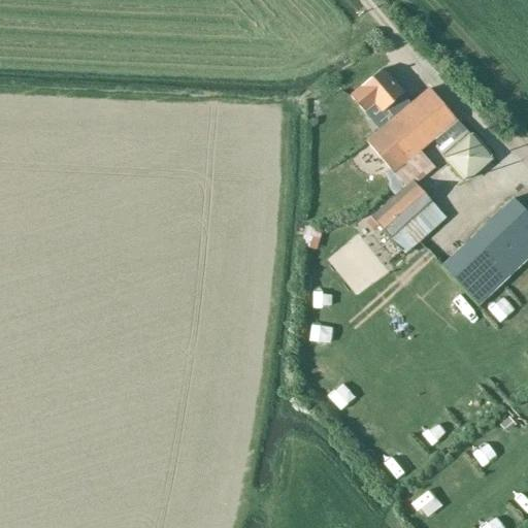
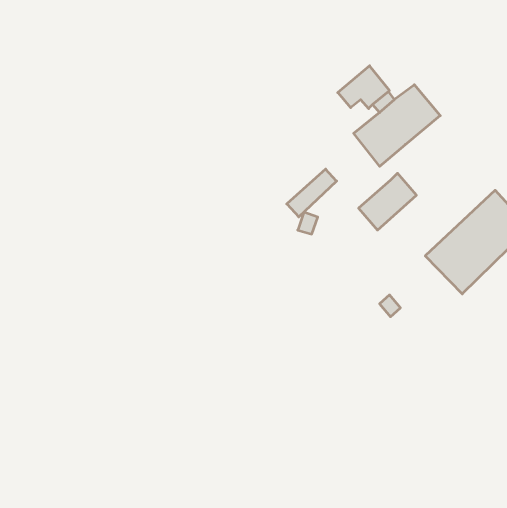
building: [443,132,494,183] -> none
building: [395,150,433,187] -> none
building: [393,202,444,252] -> [287,169,337,217]

